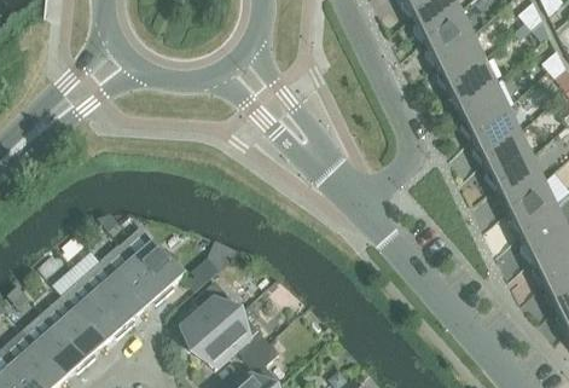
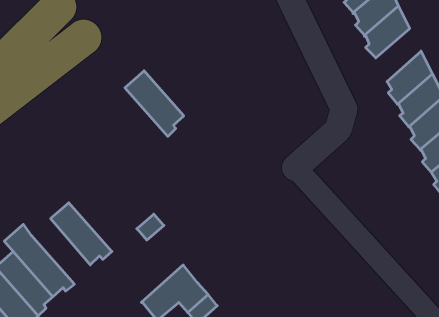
building: [449,57,498,114] -> none
building: [122,225,185,295] -> [125,71,184,136]
building: [74,249,145,330] -> none
building: [180,279,244,349] -> none

